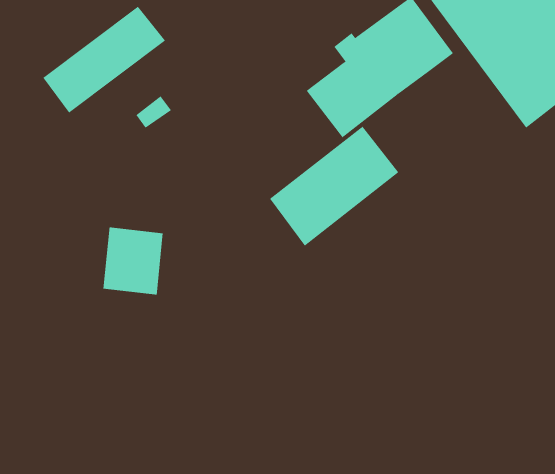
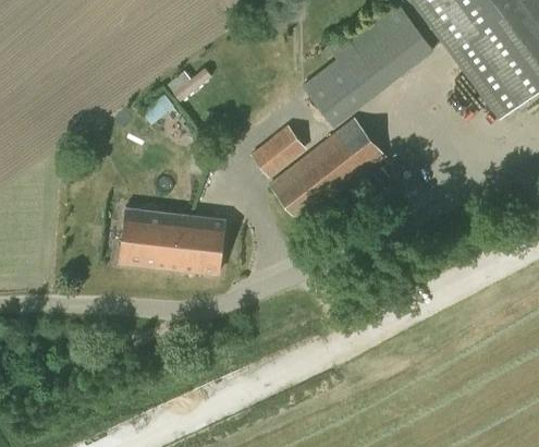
building: [43,6,166,113] -> none
building: none -> [257,128,305,173]
building: none -> [169,213,224,274]

